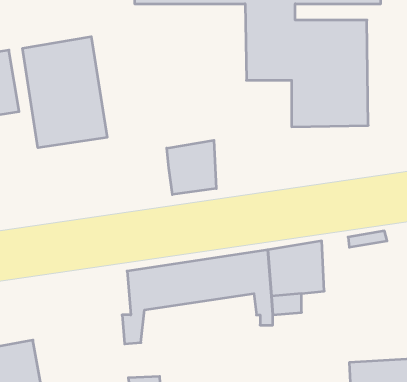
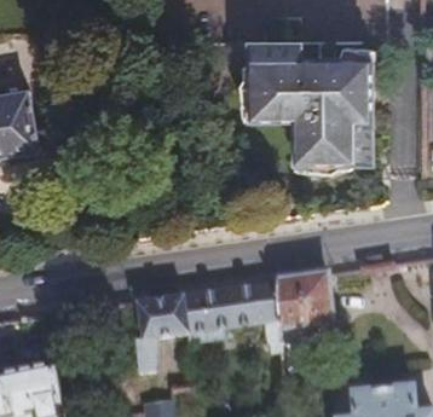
building: [23,37,107,148] -> none
building: [167,140,216,195] -> none

